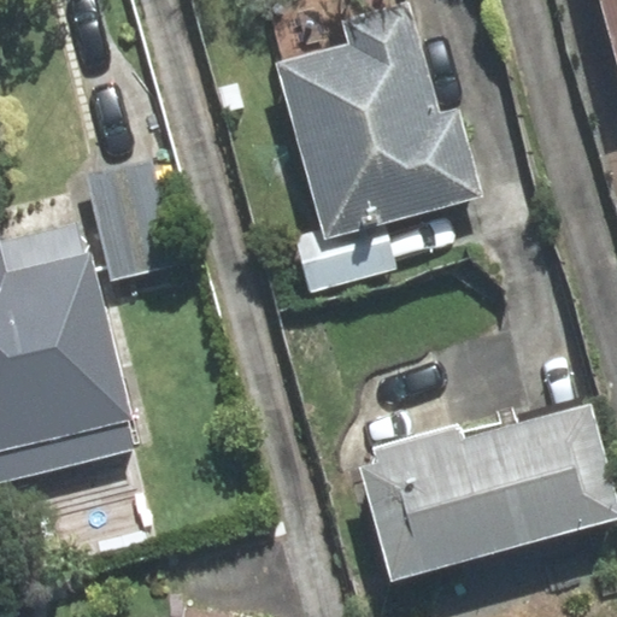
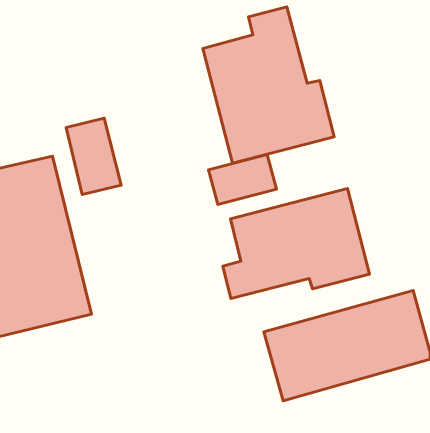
building: none -> [223,188,370,298]

